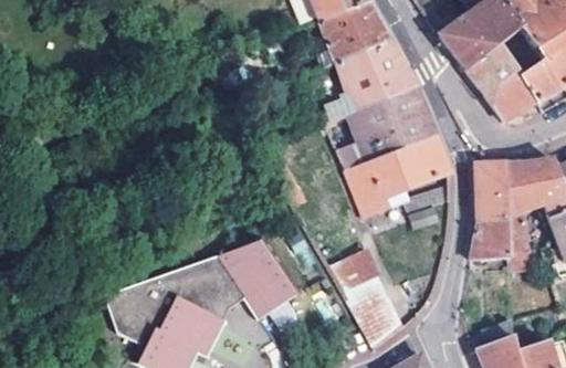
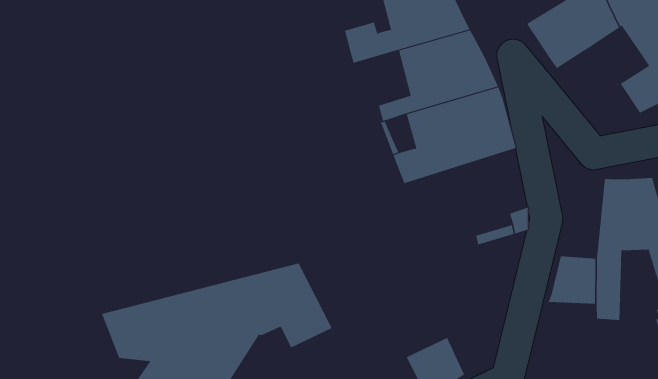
building: [464,46,535,122] -> none
building: [345,136,449,217] -> none
building: [475,156,510,222] -> none
building: [329,251,389,314] -> none

